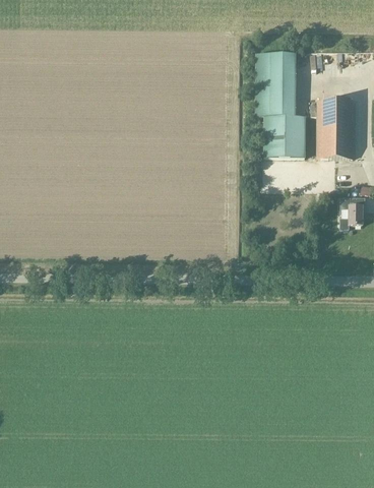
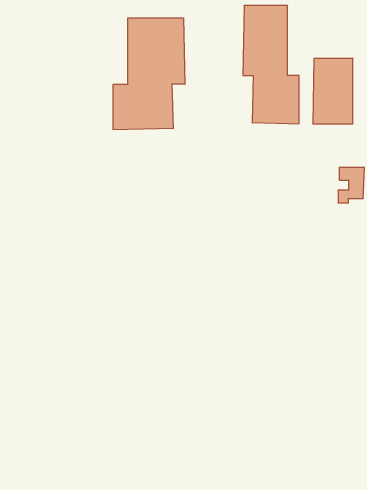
building: none -> [113,18,185,130]

